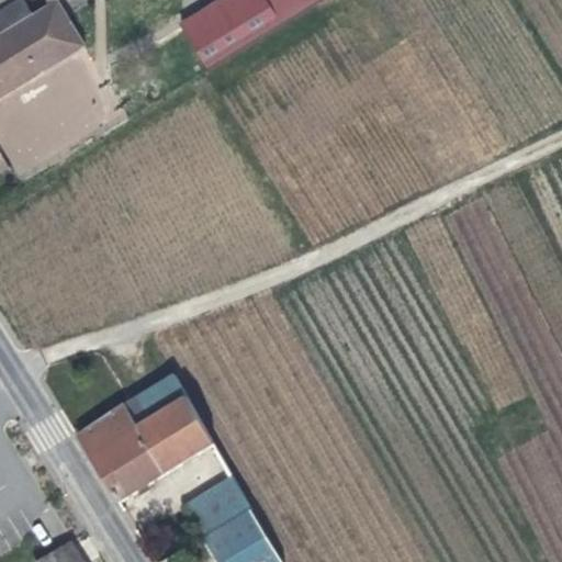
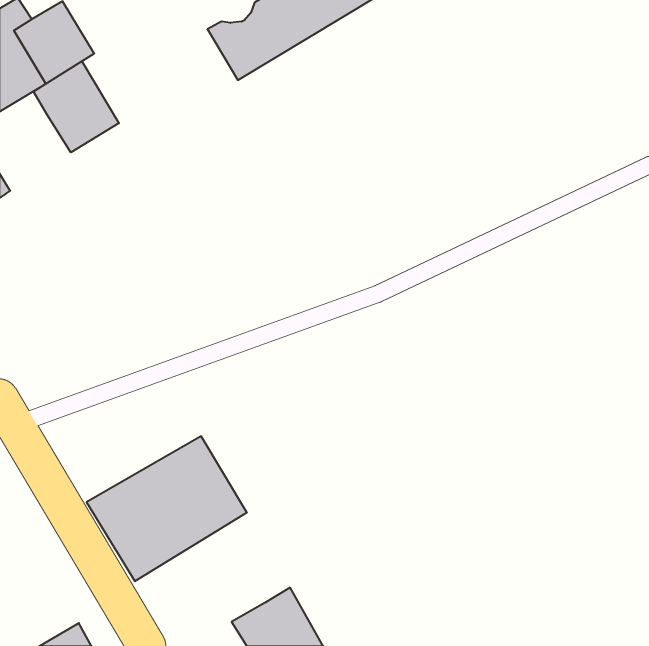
building: none -> [34,61,119,152]
building: [182,476,250,537] -> none

